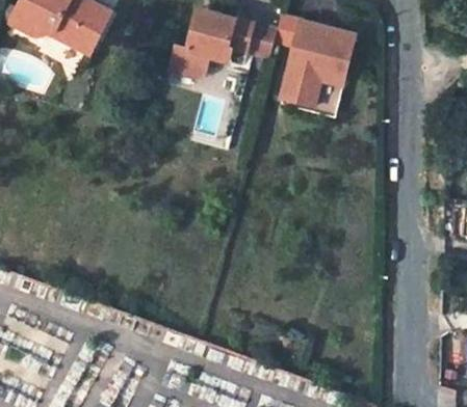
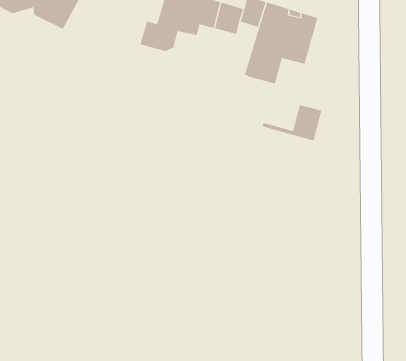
building: [280,81,343,119] -> [262,105,322,141]

